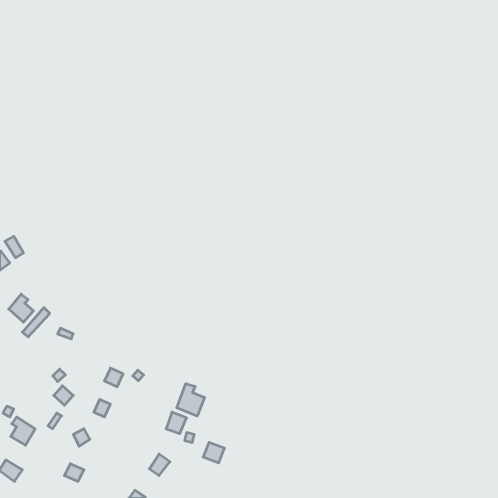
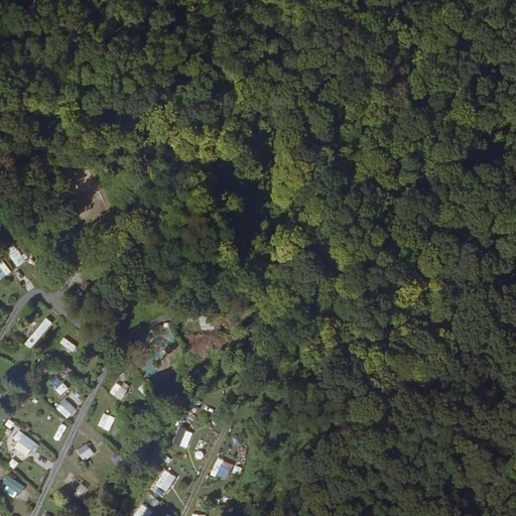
building: [9,294,33,322] -> none
building: [177,384,205,416] -> none

